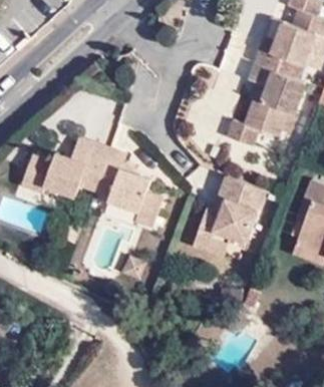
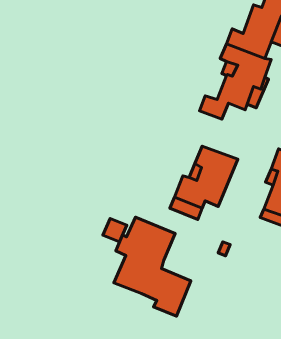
building: [21,135,164,226] -> none
building: none -> [114,217,191,316]

